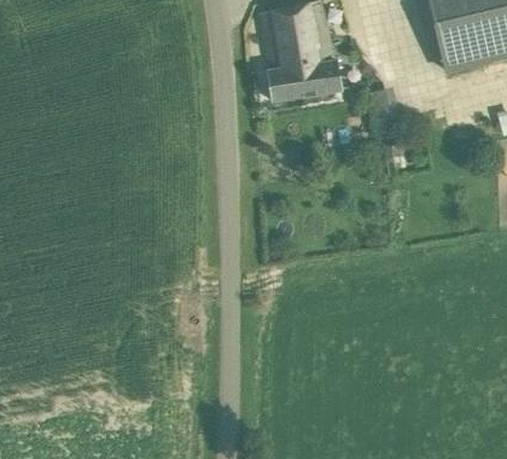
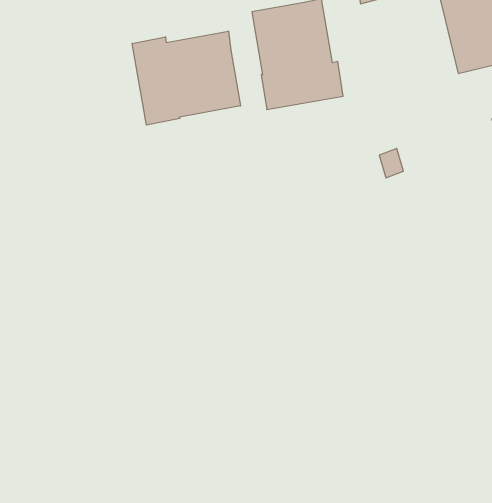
building: none -> [132,31,240,125]

